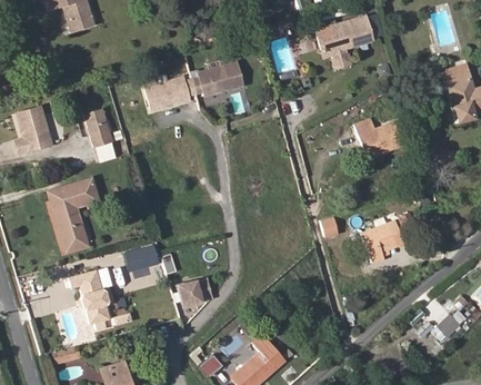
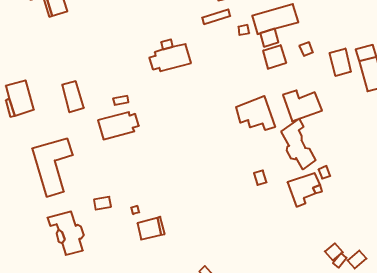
building: none -> [263,45,286,69]
building: none -> [330,48,351,76]
building: [147,79,197,112] -> [98,112,139,139]
building: none -> [236,96,275,130]
building: none -> [281,119,316,169]

